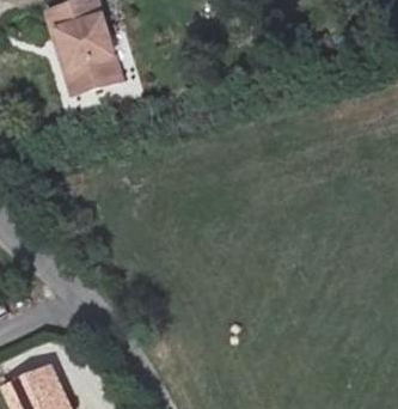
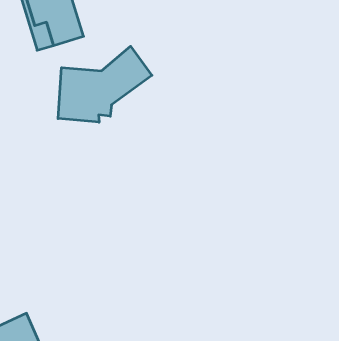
building: none -> [58,46,152,122]

